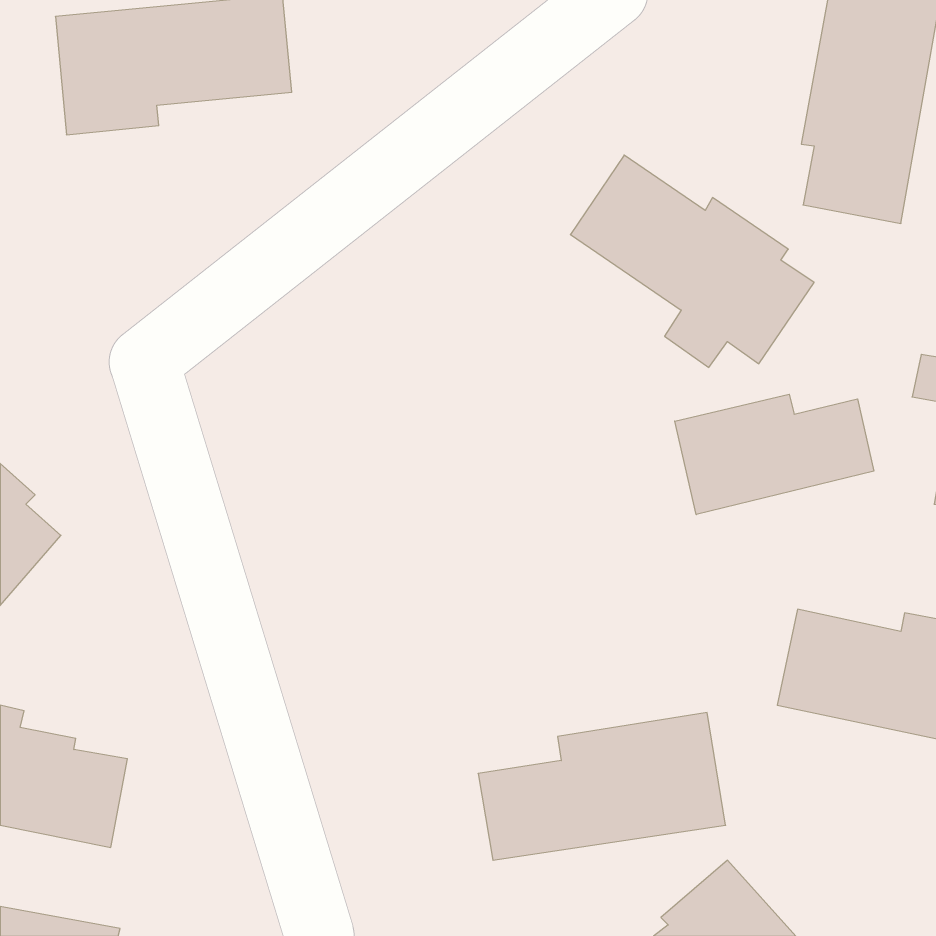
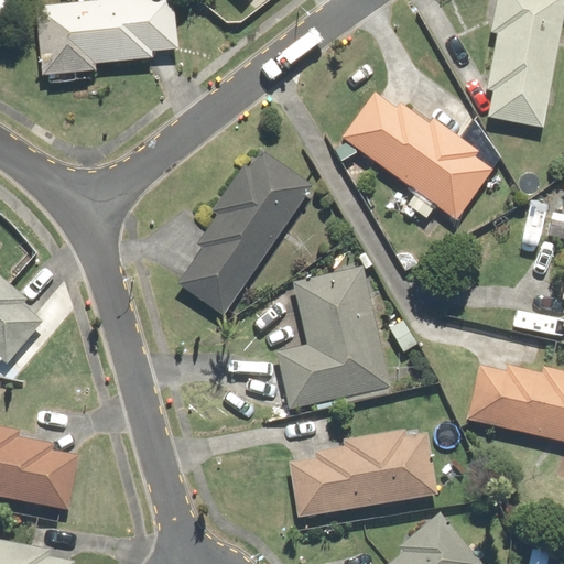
building: none -> [176,144,315,315]
building: [675,394,874,515] -> none
building: none -> [281,263,390,409]

